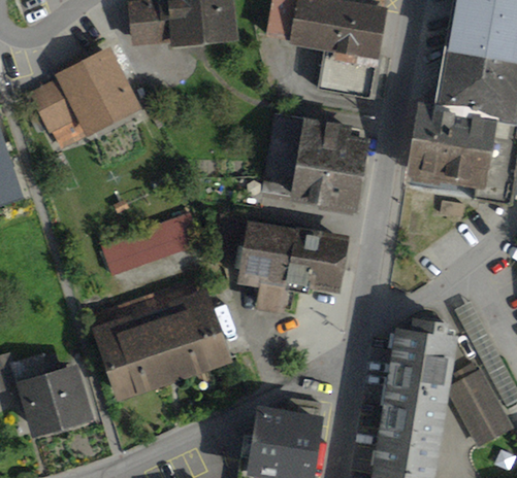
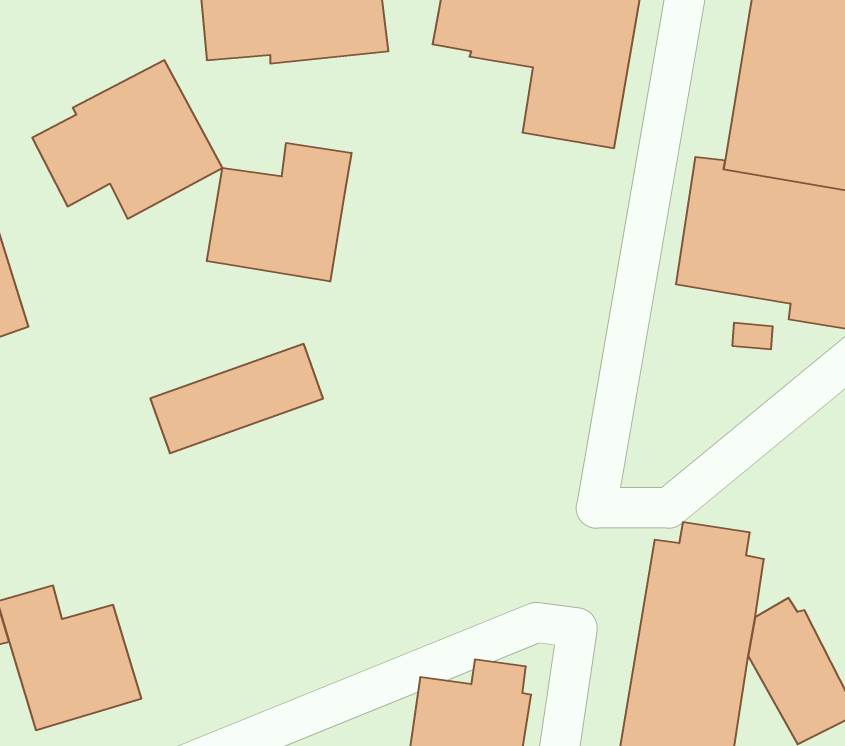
building: none -> [207,143,352,282]
building: [263,114,369,215] -> none
building: [235,219,349,313] -> none
building: [91,287,232,402] -> none

